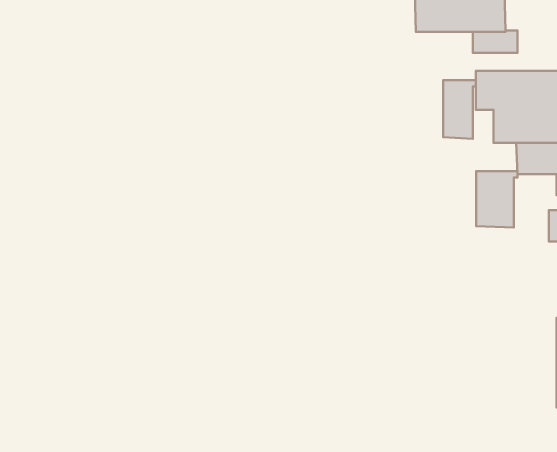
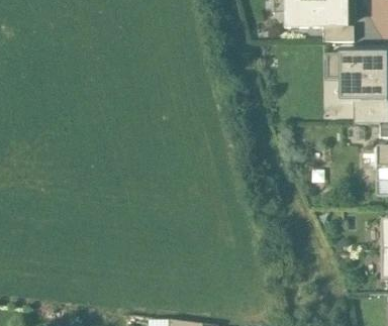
building: [443,80,476,139] -> none
building: [476,171,517,228] -> none

